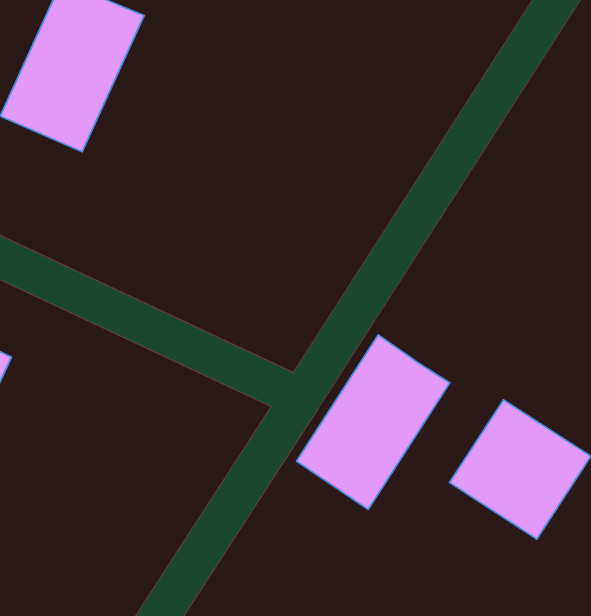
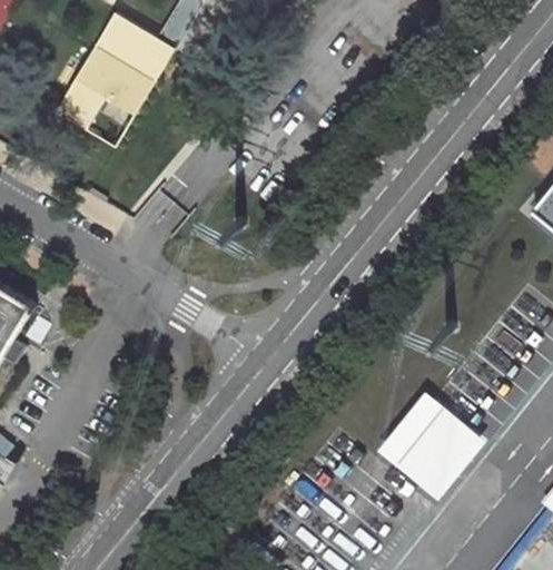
building: [297,335,450,509] -> none

